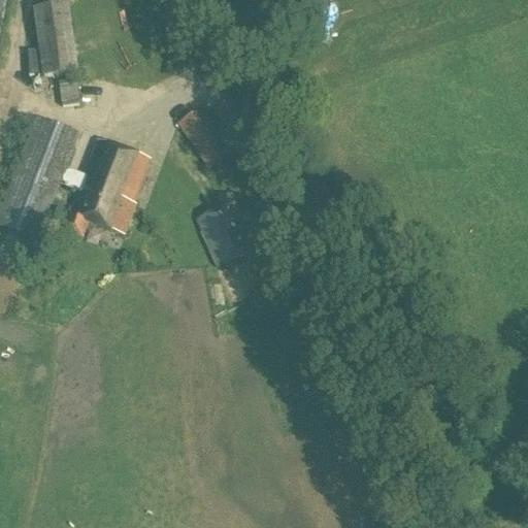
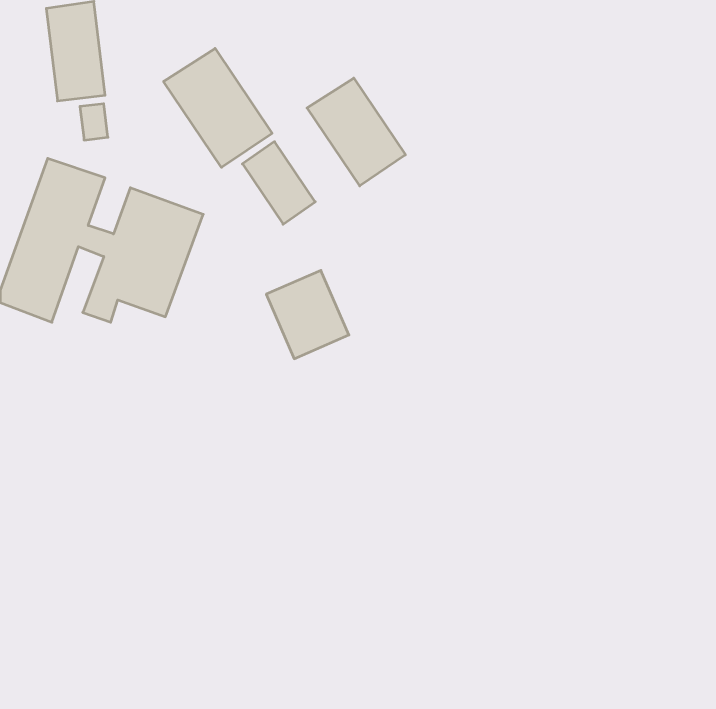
building: none -> [164,48,272,167]
building: none -> [307,78,405,186]

